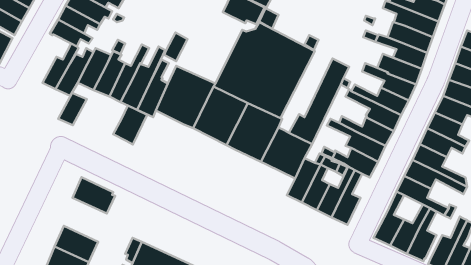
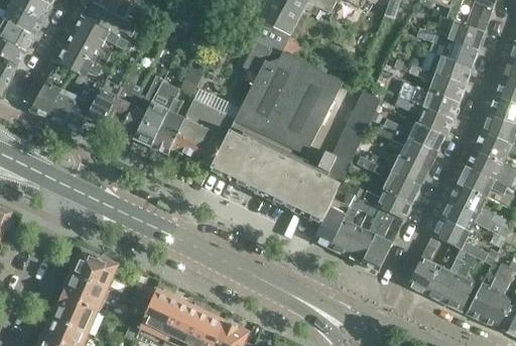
building: [58,93,87,125] -> [32,82,63,117]
building: [113,105,147,145] -> none
building: [72,177,115,214] -> [72,250,118,290]

